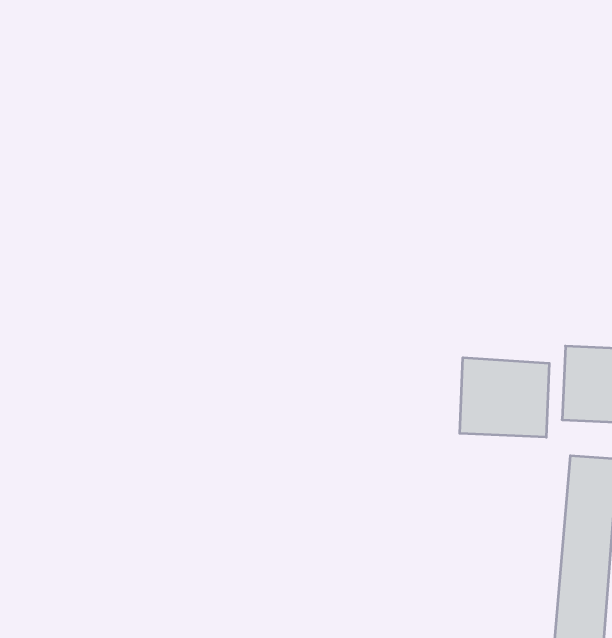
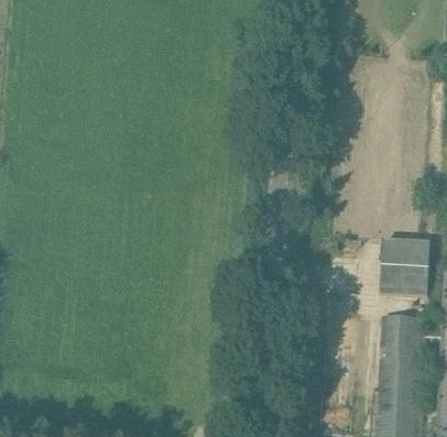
building: [460,358,549,437] -> none

